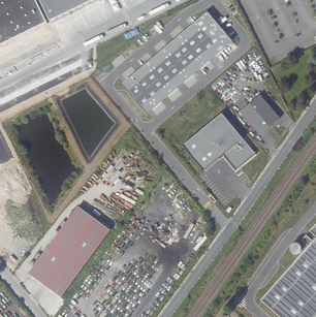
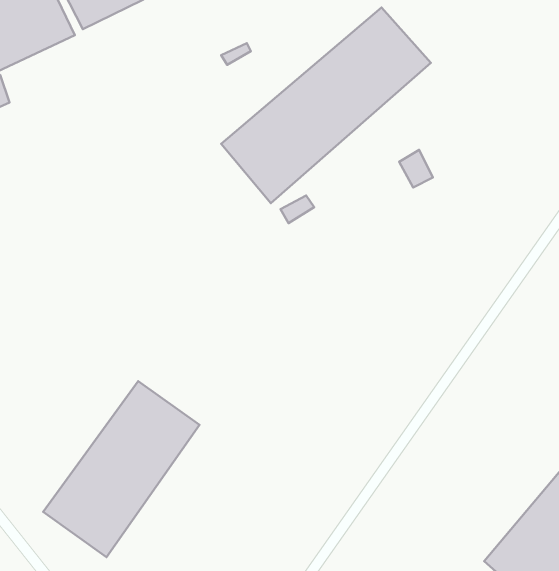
building: [240,92,280,135] -> none
building: [181,110,255,170] -> none

